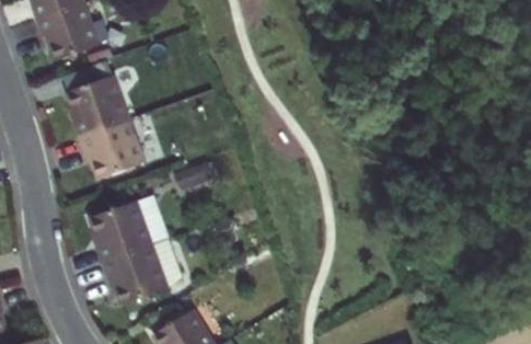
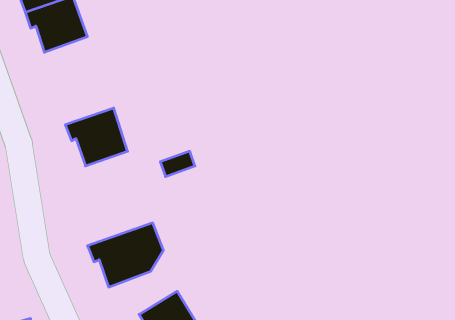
building: [68,74,128,136] -> none
building: [91,200,150,262] -> none

